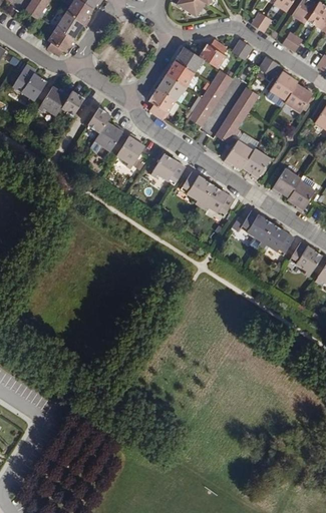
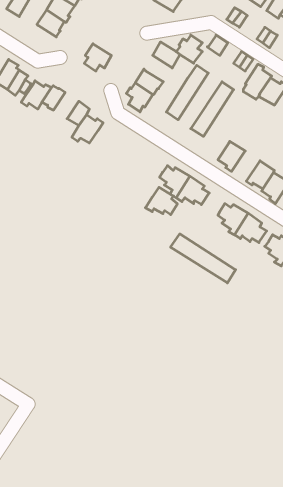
building: [47,29,75,57] -> [84,44,111,71]
building: [165,60,194,87] -> none
building: [115,133,144,169] -> none
building: [223,140,253,169] -> none
building: [149,153,183,181] -> [145,187,177,215]
building: none -> [171,234,236,283]

